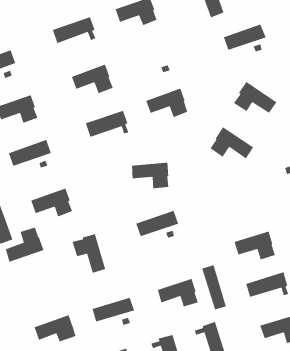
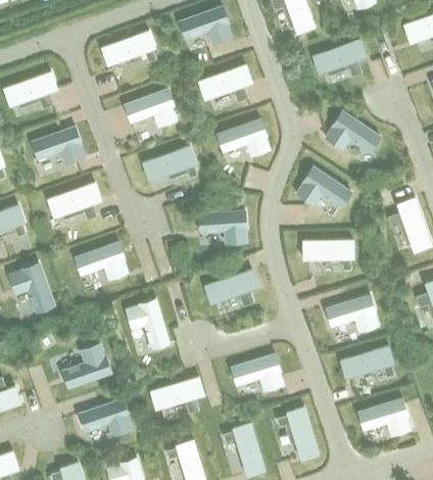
building: none -> [198,65,252,100]
building: none -> [302,241,353,270]
building: [5,226,44,263] -> [62,344,111,389]
building: [201,264,227,311] -> none

